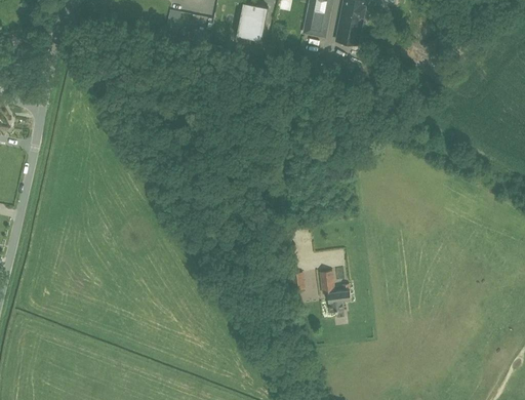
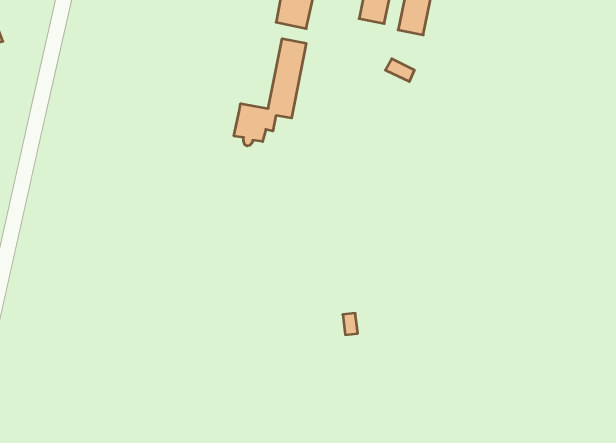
building: none -> [234,39,306,146]
building: [319,269,351,311] -> none

